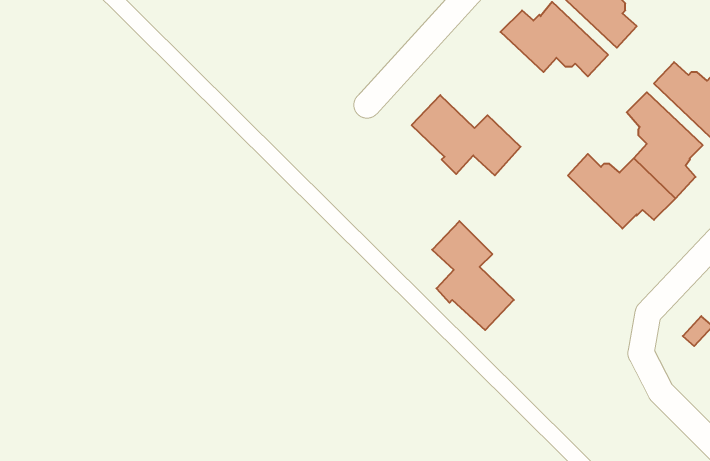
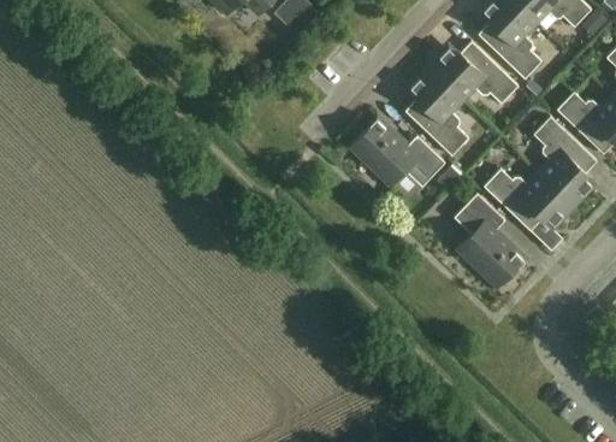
building: none -> [405,66,469,155]
building: [432,221,514,330] -> [455,193,523,284]

